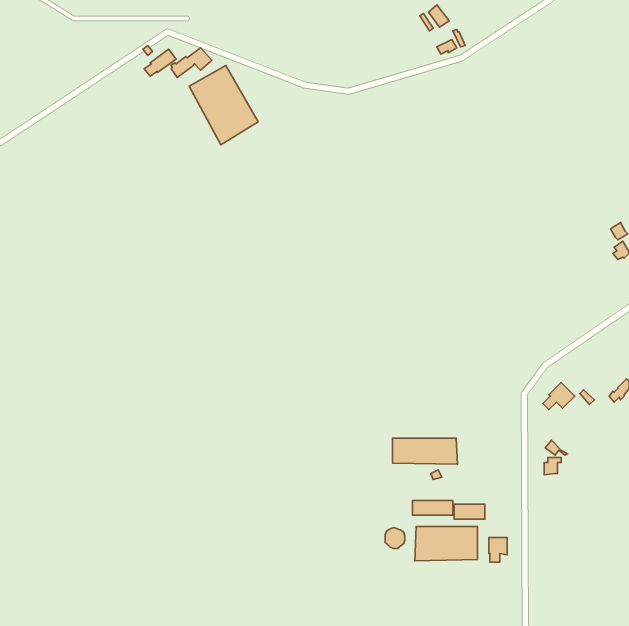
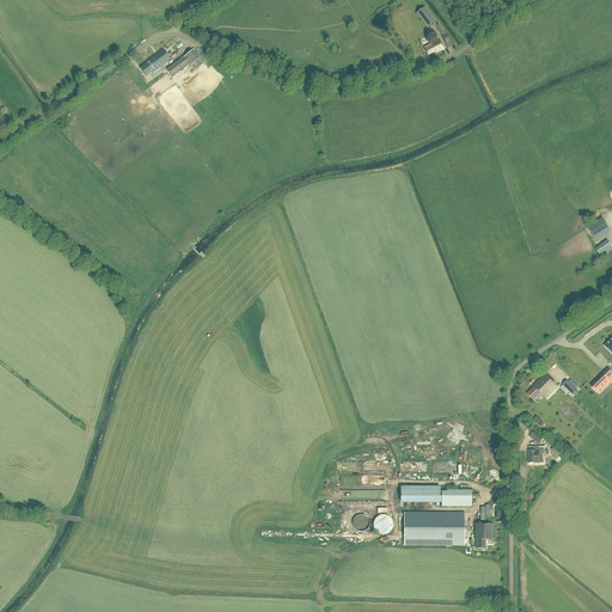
building: [189,65,258,145] -> none
building: [393,438,457,464] -> none

